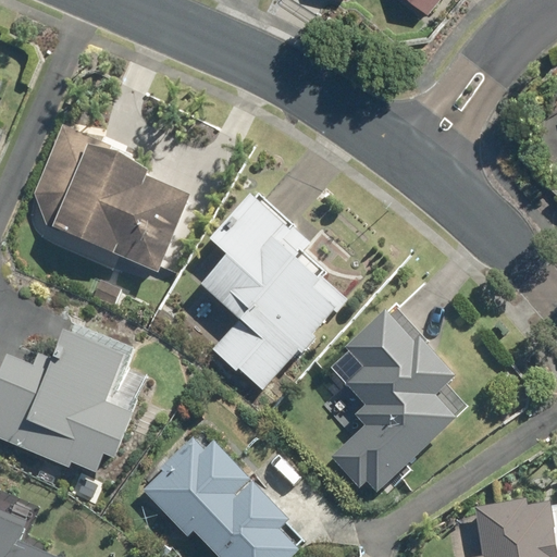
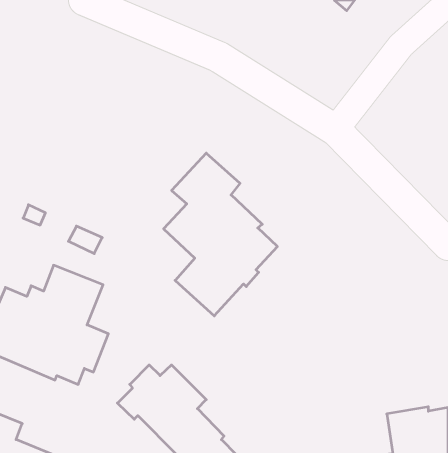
building: [33,126,191,275] -> none
building: [331,307,458,491] -> none

